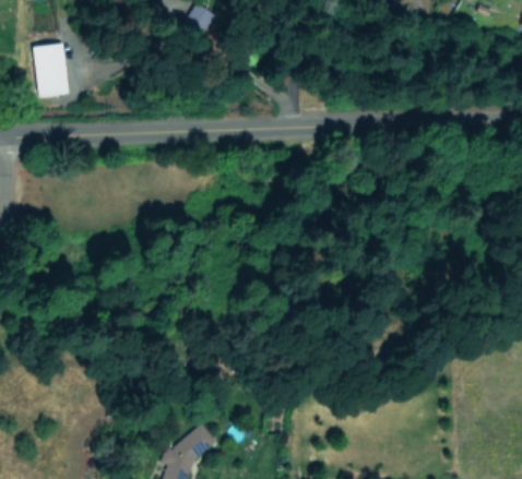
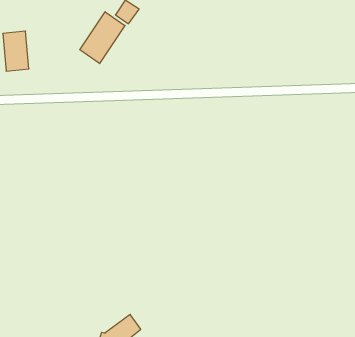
building: none -> [80,12,125,64]

